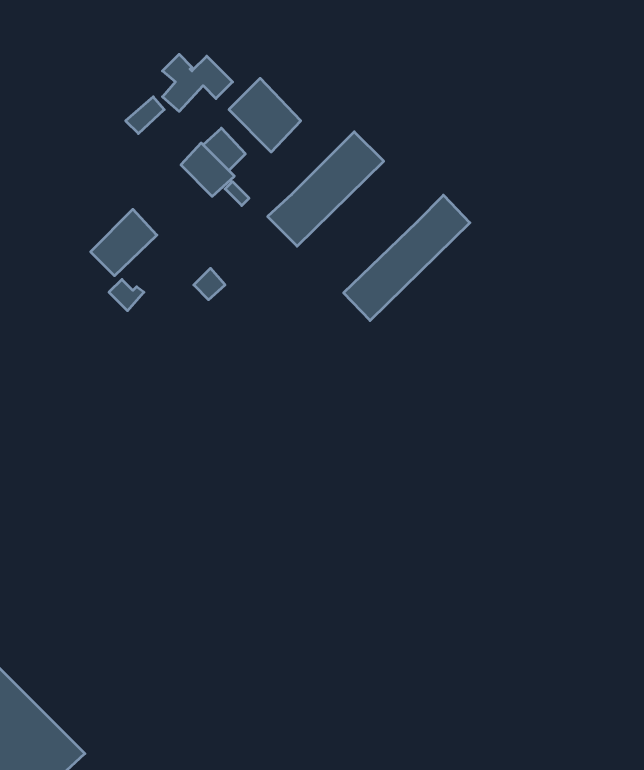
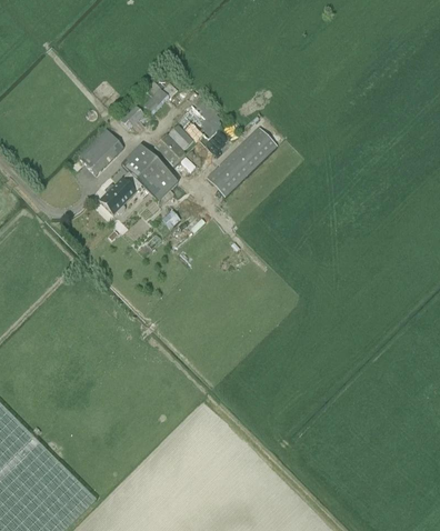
building: none -> [77,129,123,174]
building: none -> [120,144,177,201]
building: [344,195,470,321] -> none

